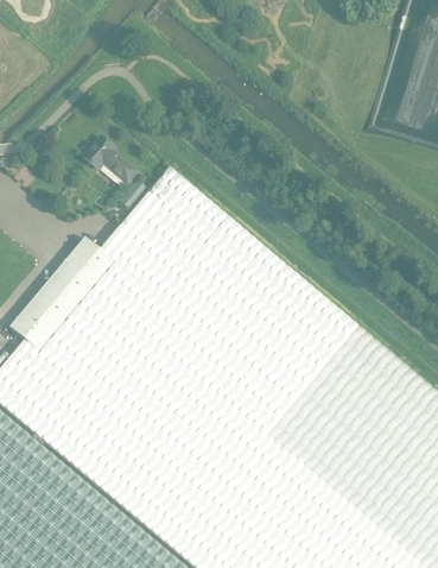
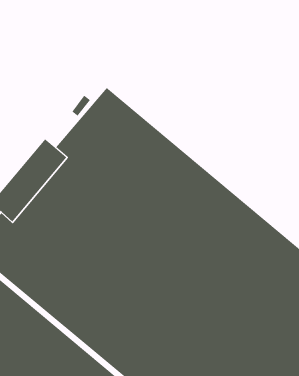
building: [83,140,137,187] -> none

